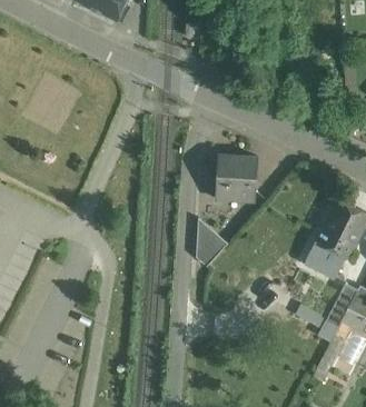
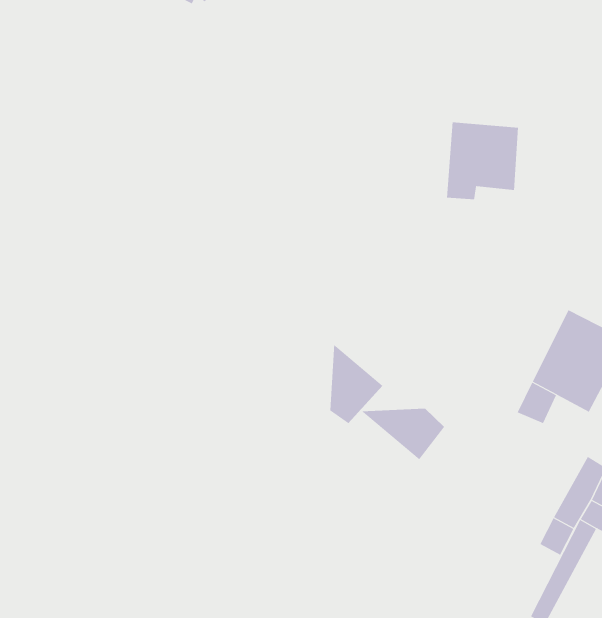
building: [215,153,257,199] -> [446,122,519,200]
building: none -> [360,408,445,460]

